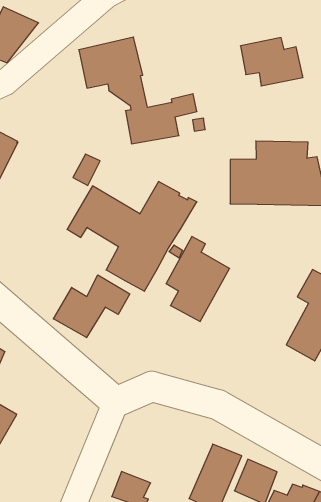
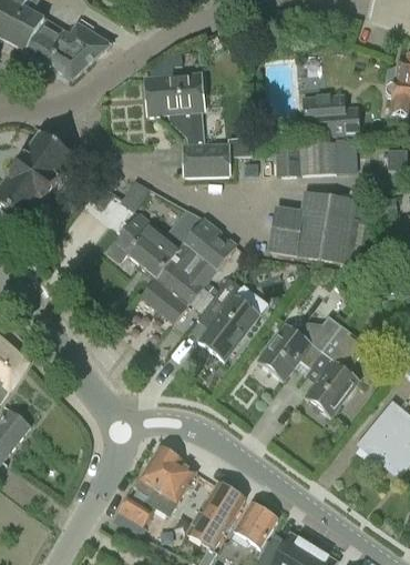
building: none -> [275,140,357,175]
building: none -> [257,315,341,380]
building: [53,275,130,338] -> none
building: none -> [135,445,195,513]

